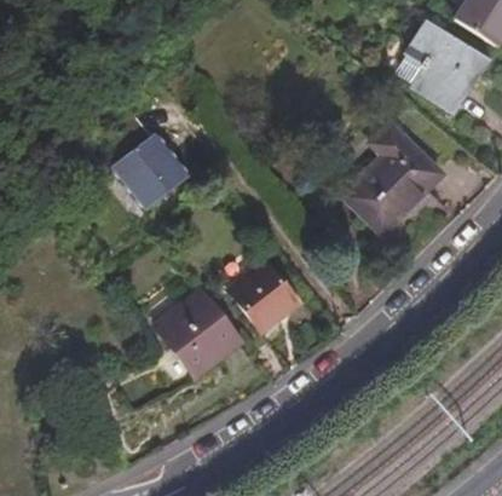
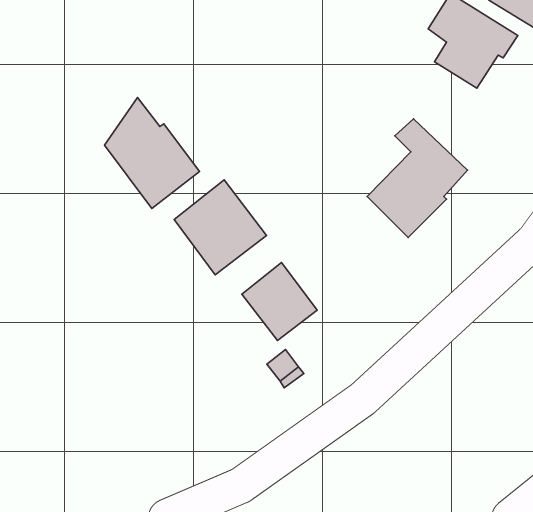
building: [157,289,242,376] -> [174,180,267,275]

